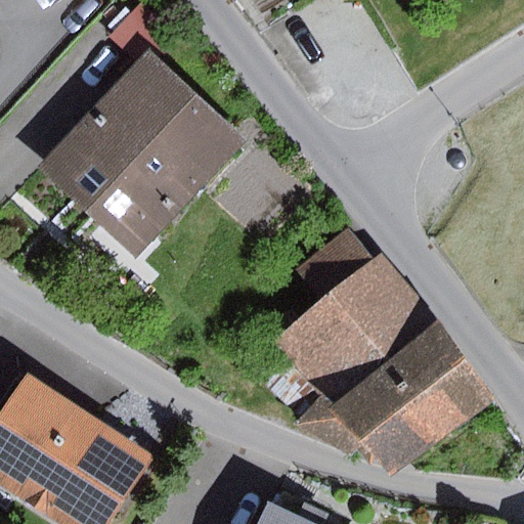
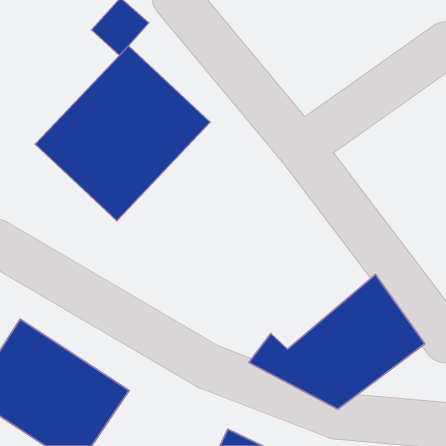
building: [268,223,437,406] -> none

